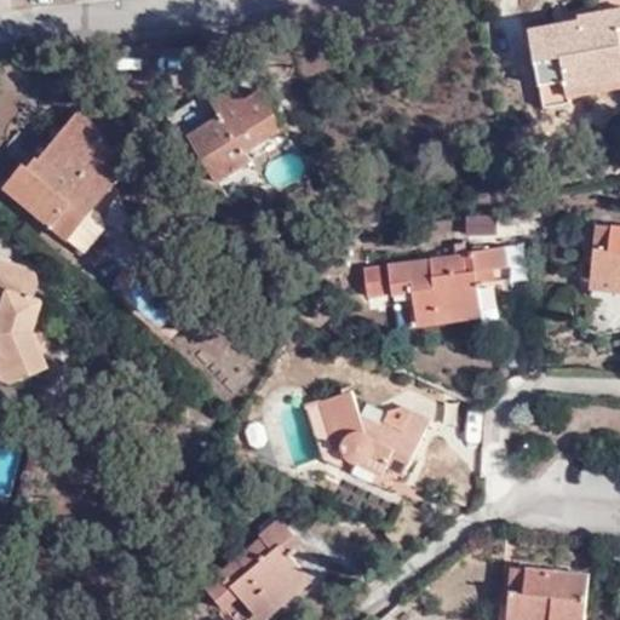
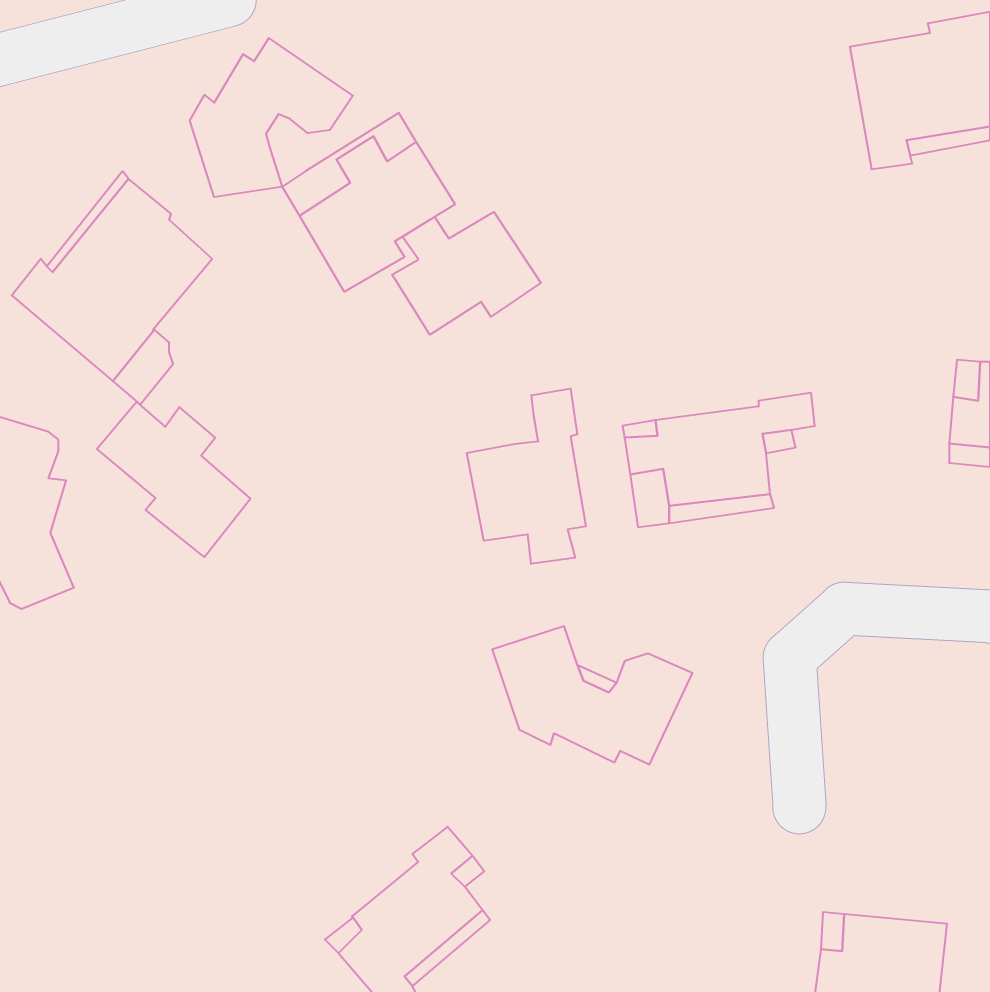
building: none -> [190,38,353,197]
building: none -> [392,212,541,335]
building: none -> [467,388,586,564]
building: none -> [97,402,250,557]

